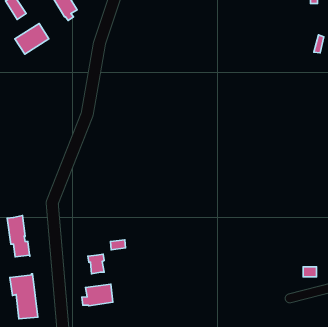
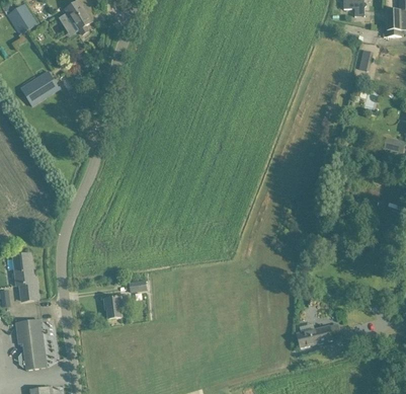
building: [15,24,49,54] -> [21,71,60,105]
building: none -> [297,325,333,347]
building: [82,284,113,306] -> none

